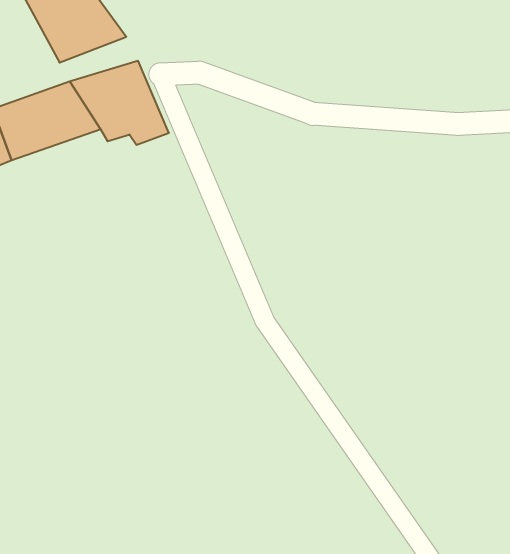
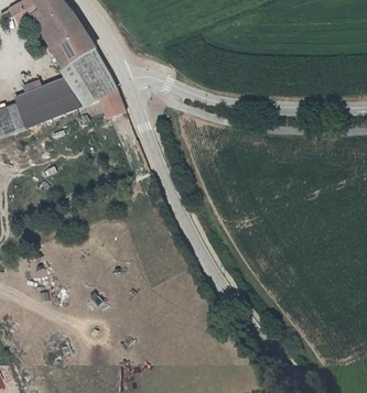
building: none -> [56,48,107,77]

